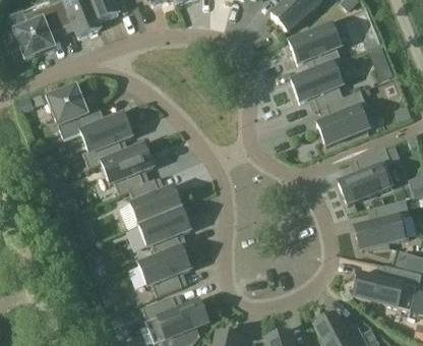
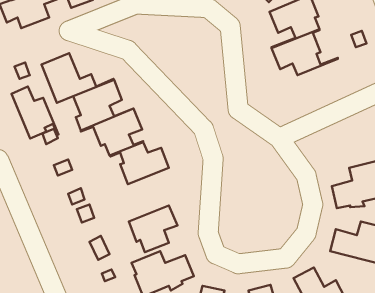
building: [317,91,369,145] -> none
building: none -> [11,87,58,139]
building: [339,147,395,204] -> none
building: [138,207,191,264] -> none

